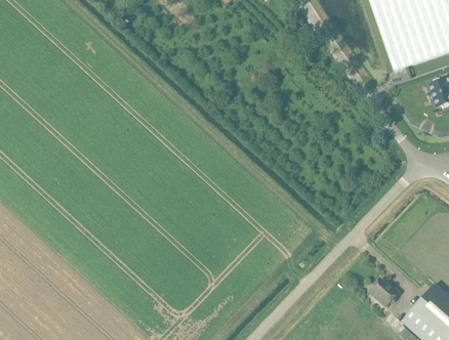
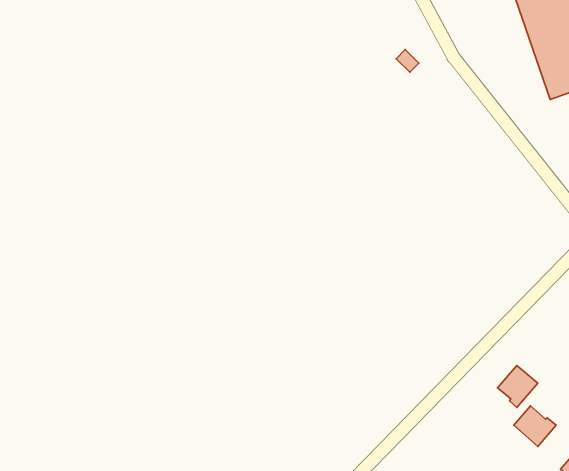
building: none -> [498,366,538,407]

